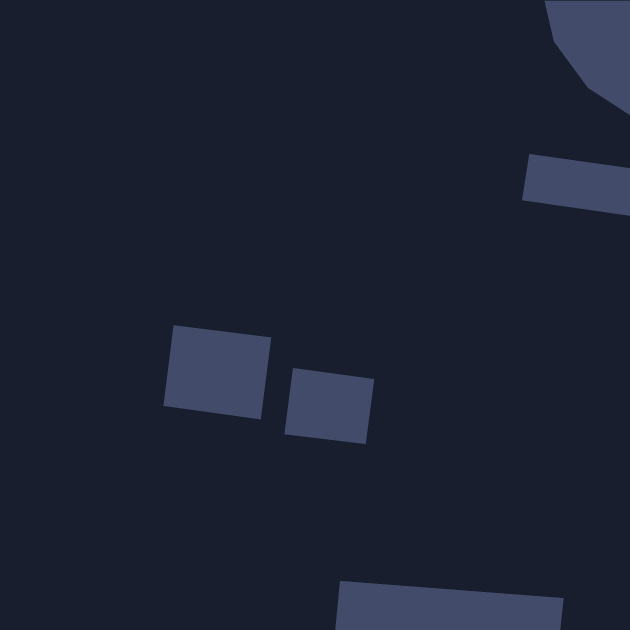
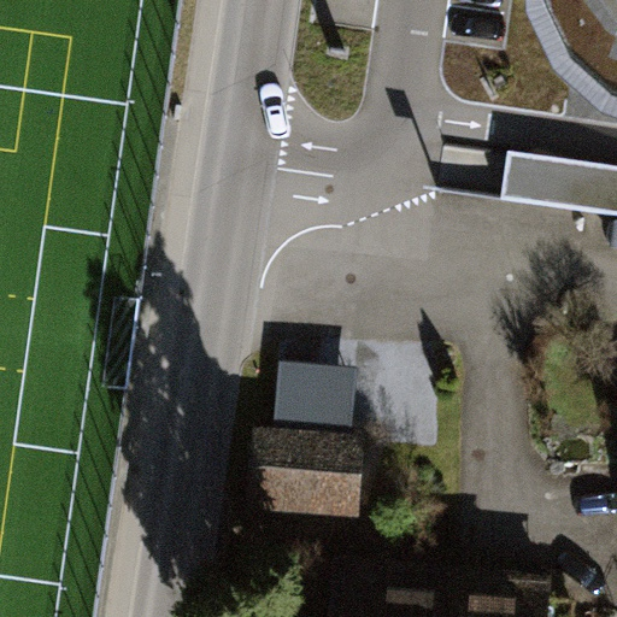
building: [163,325,272,420] -> none
building: none -> [246,436,364,531]

